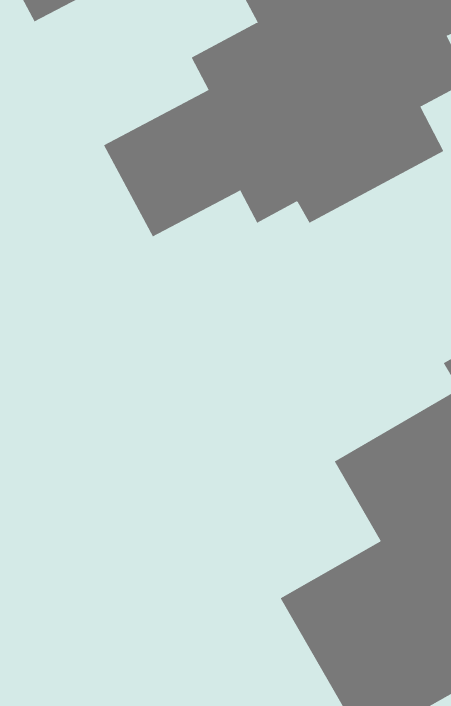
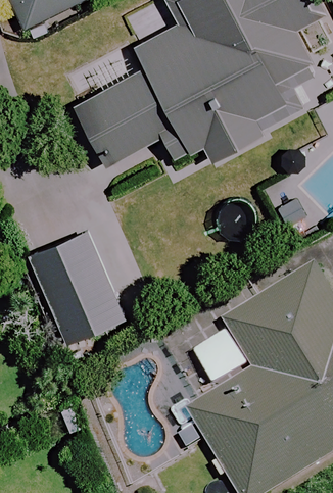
building: none -> [25,233,121,343]

